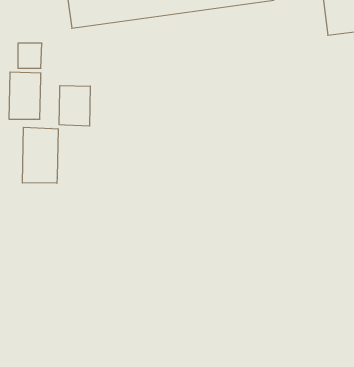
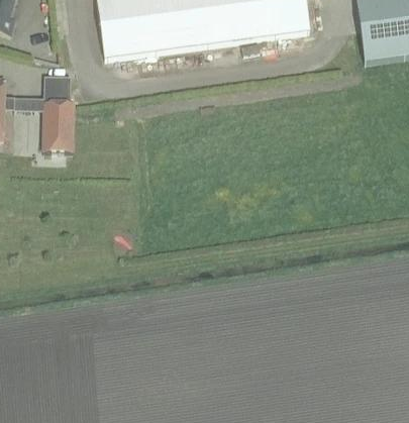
building: [59,86,90,126] -> none
building: [22,127,58,183] -> none

